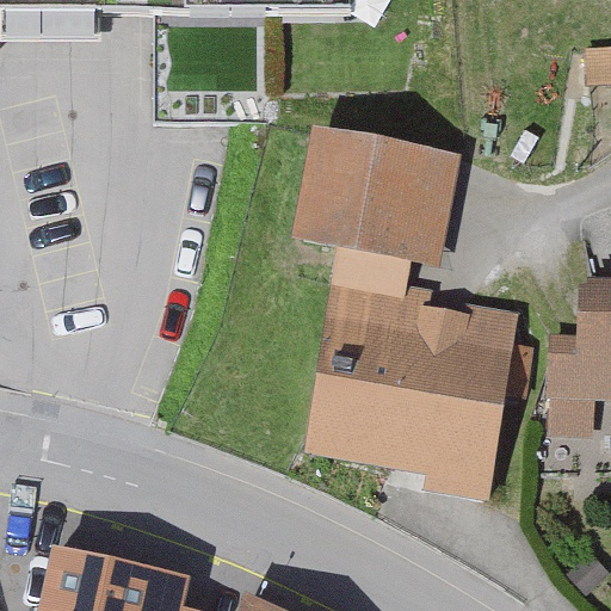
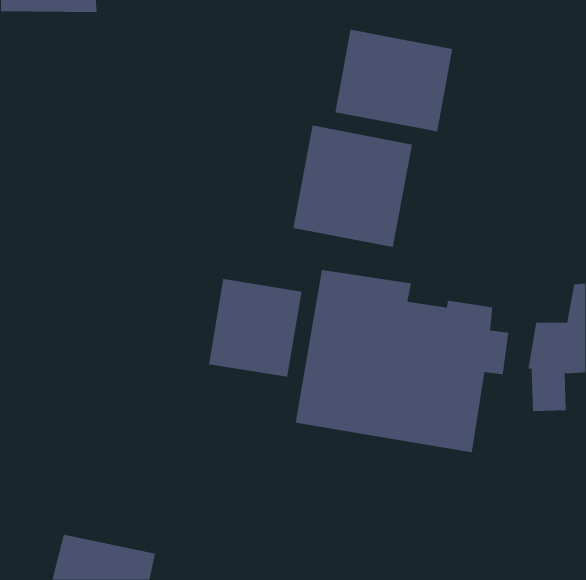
building: none -> [335,29,453,132]
building: none -> [208,278,302,378]

